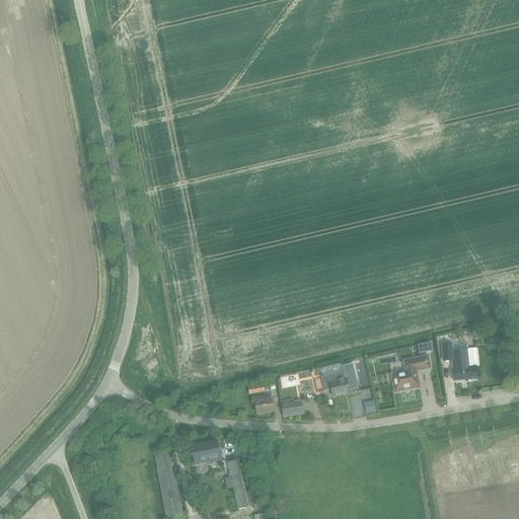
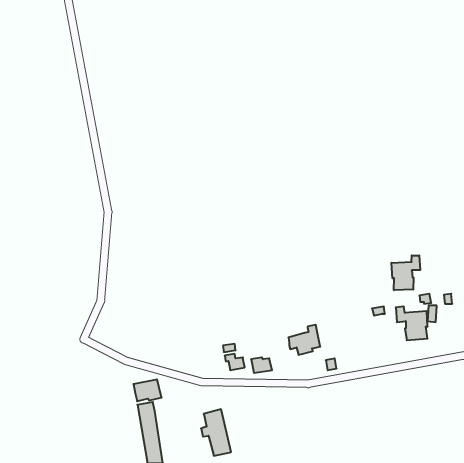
building: none -> [391,255,420,290]
building: [390,355,429,390] -> none
building: [190,439,221,463] -> [133,379,162,401]

